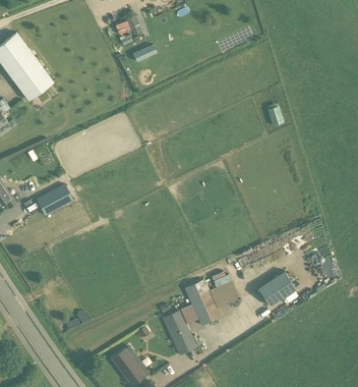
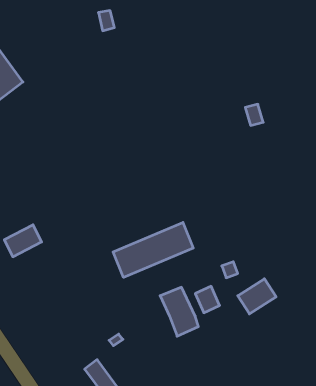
building: [37,185,72,216] -> [4,225,42,257]
building: none -> [113,222,193,277]
building: [162,310,196,355] -> none

